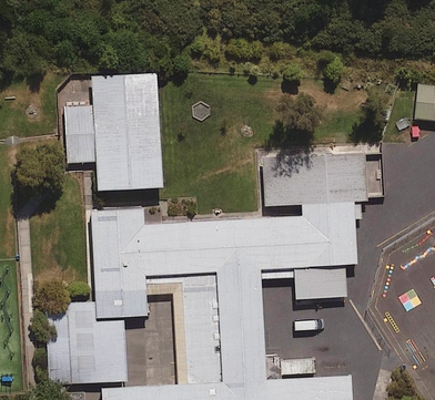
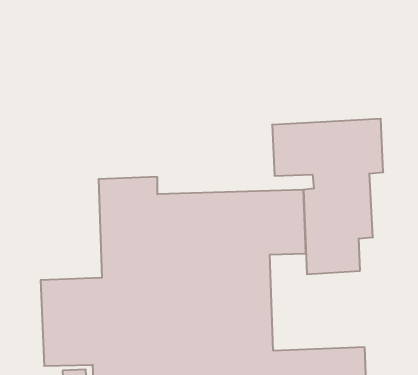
building: [63,73,164,191] -> none

